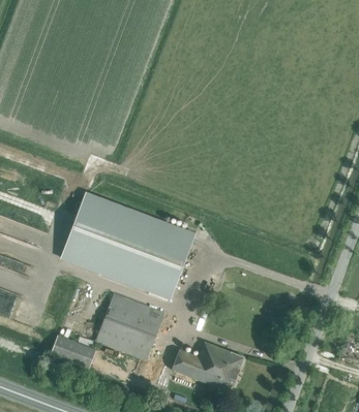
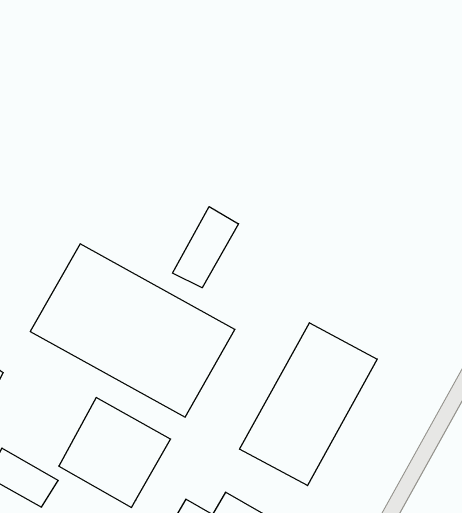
building: none -> [173,207,239,288]
building: none -> [240,323,377,486]

